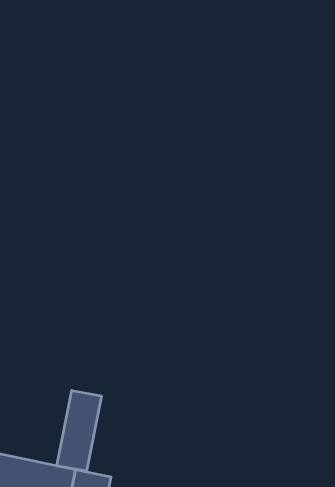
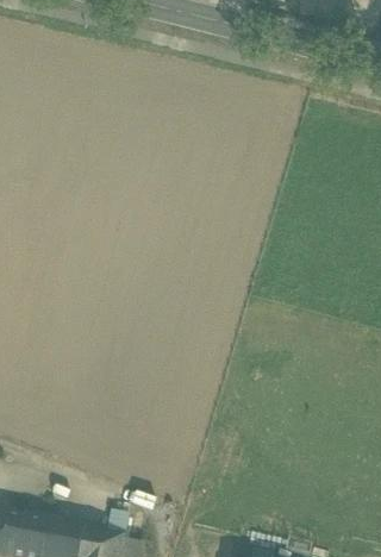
building: [57,390,101,471] -> none

